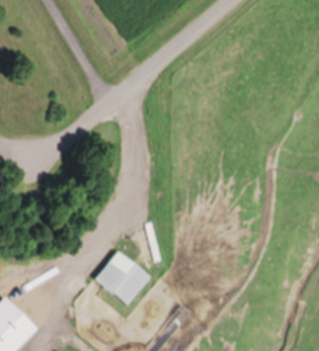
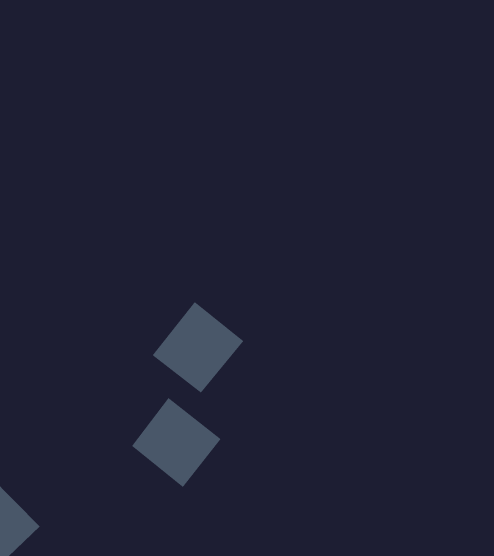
building: none -> [152,301,244,394]

